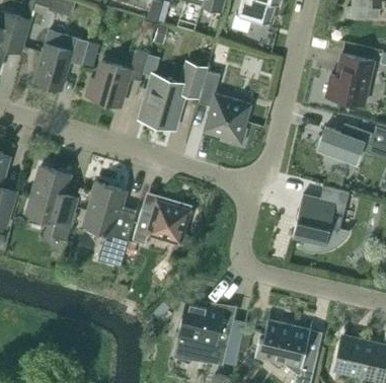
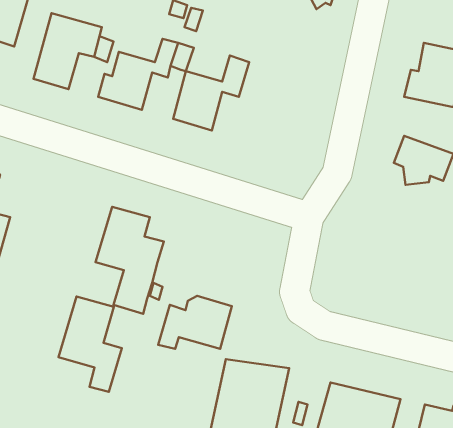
building: [199,71,250,145] -> none
building: [26,166,76,241] -> [58,296,122,392]
building: [292,185,349,250] -> none
building: [132,202,189,243] -> [158,296,232,349]

